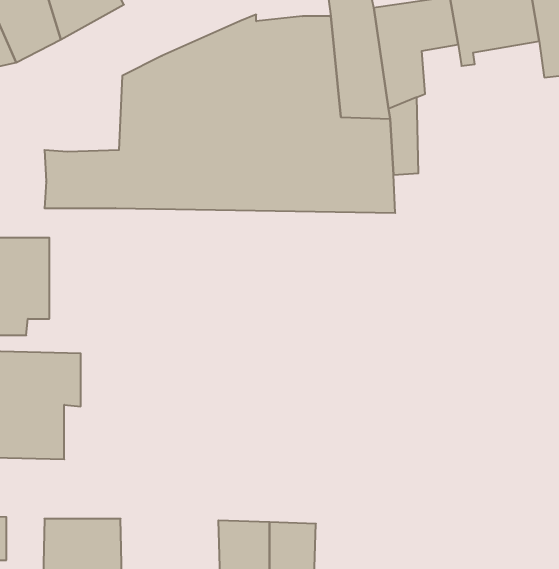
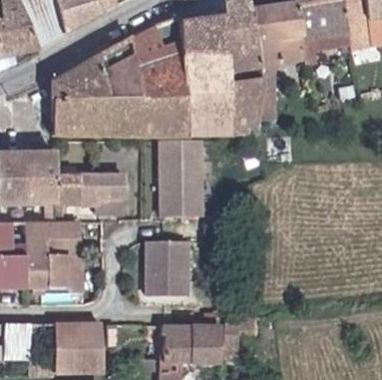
building: none -> [55,54,102,100]
building: none -> [162,140,205,217]
building: none -> [58,172,123,211]
building: none -> [146,242,188,295]

